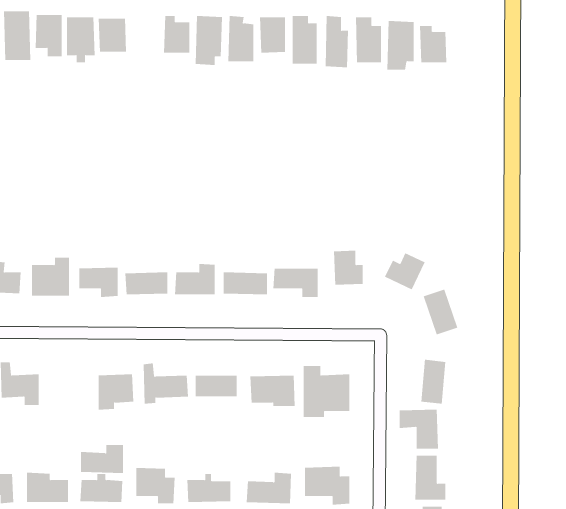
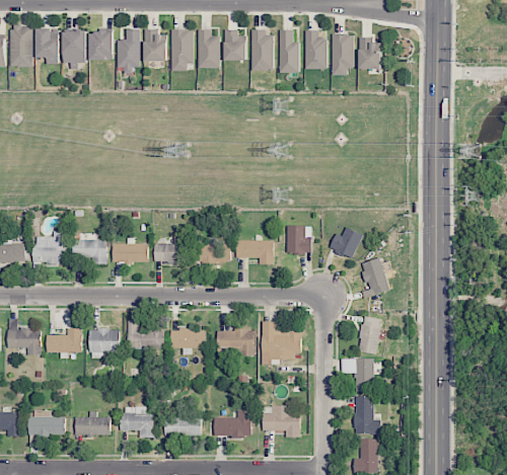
building: none -> [117,29,140,70]
building: [80,444,124,474] -> [46,328,82,352]

